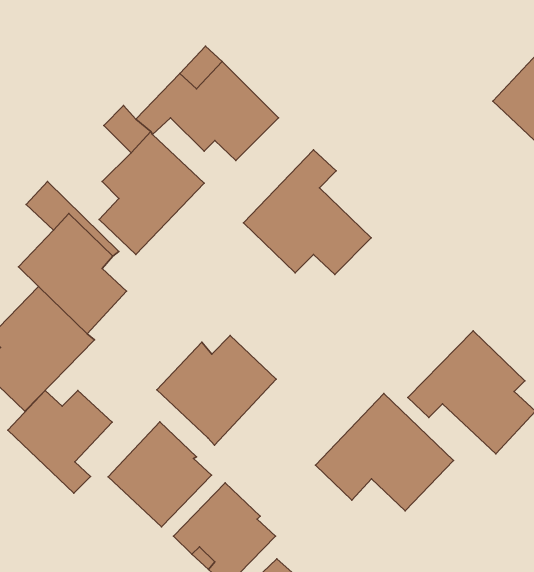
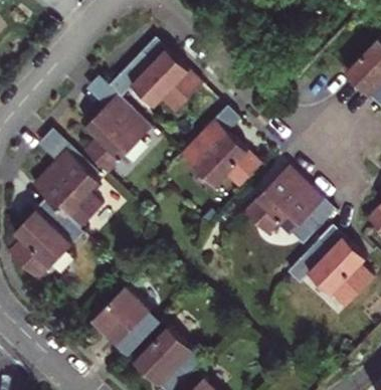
building: [157,336,276,445] -> none
building: [8,390,112,493] -> none
building: [315,394,454,511] -> [242,166,334,243]

